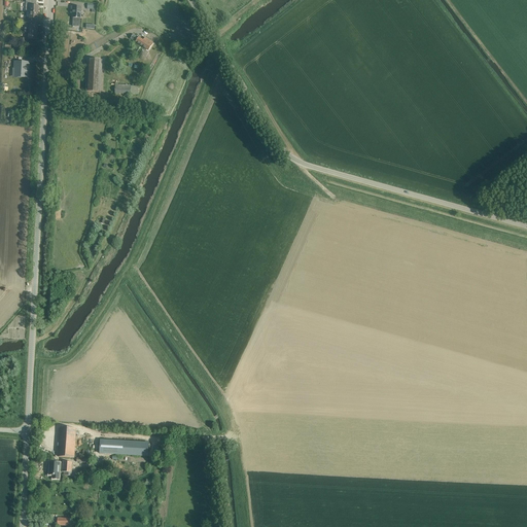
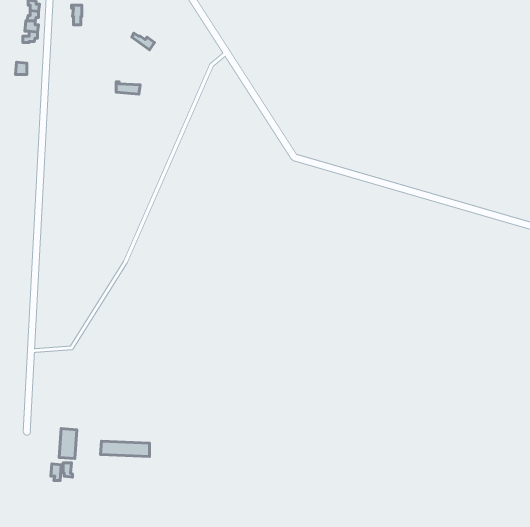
building: [86,58,102,92] -> none

